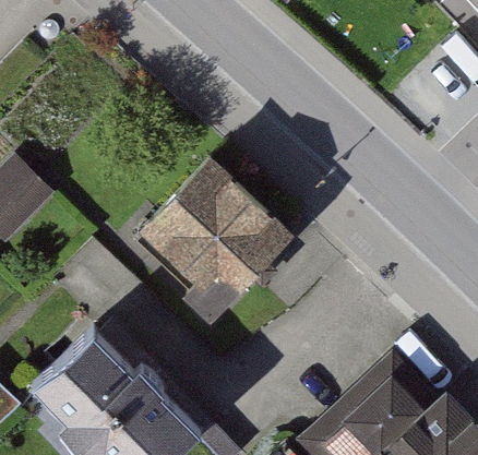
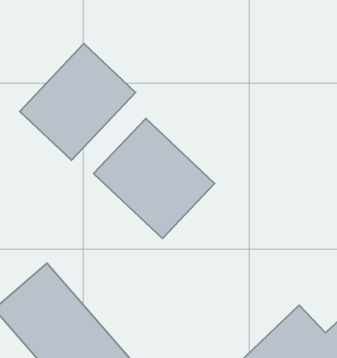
building: none -> [20,44,136,160]

